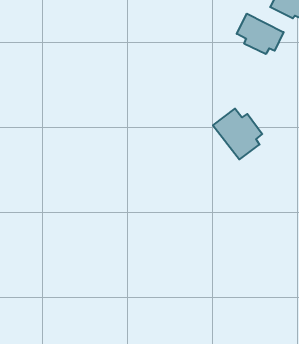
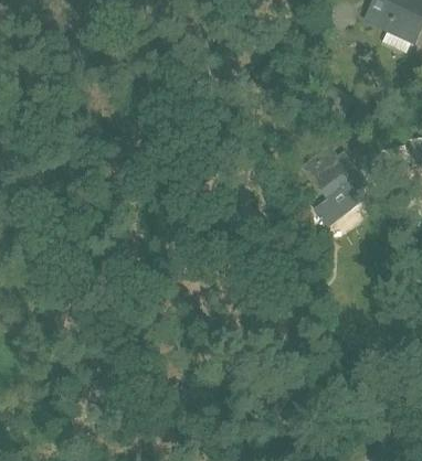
building: [237,14,284,54] -> none

